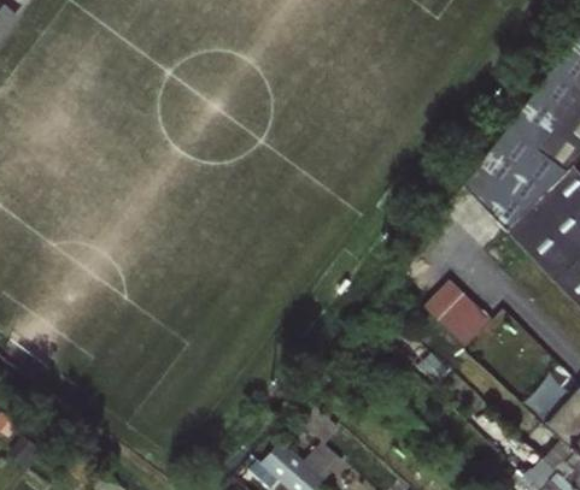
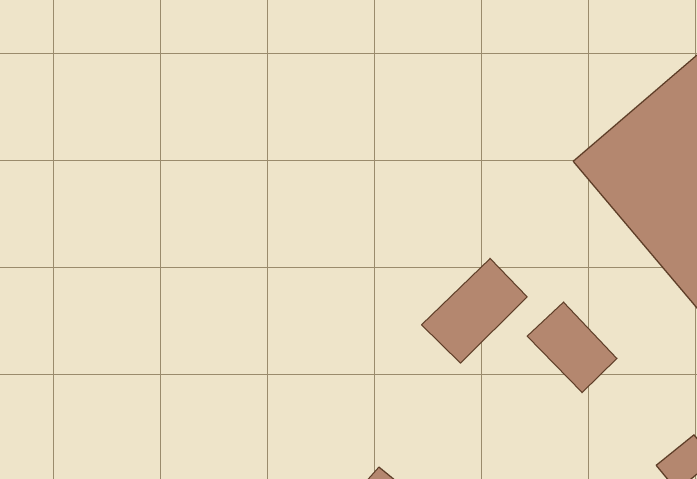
building: none -> [422,258,527,363]

